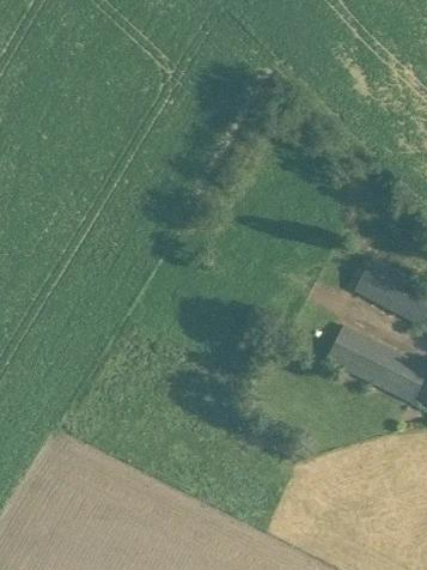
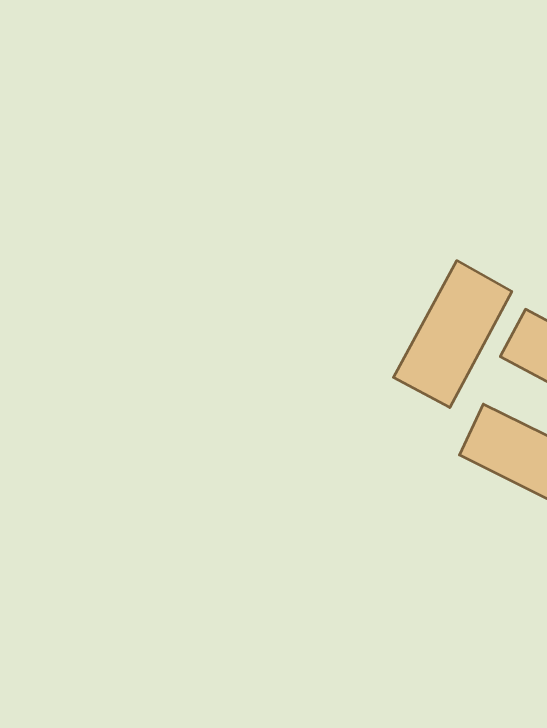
building: none -> [393,261,512,408]

